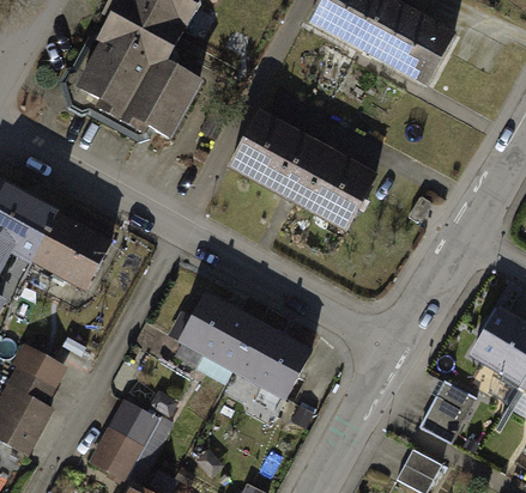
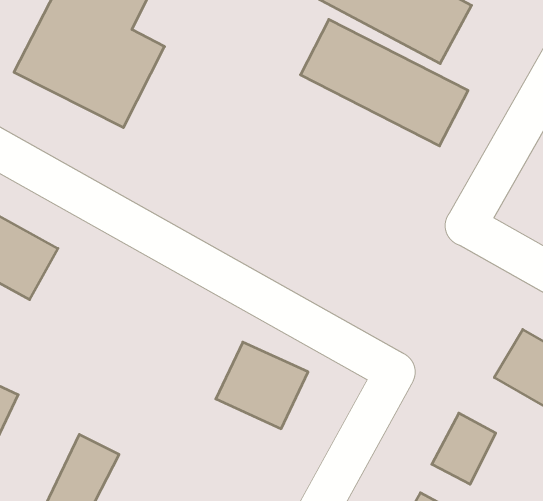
building: [236,114,377,220] -> [300,19,468,146]
building: [183,296,260,370] -> none

